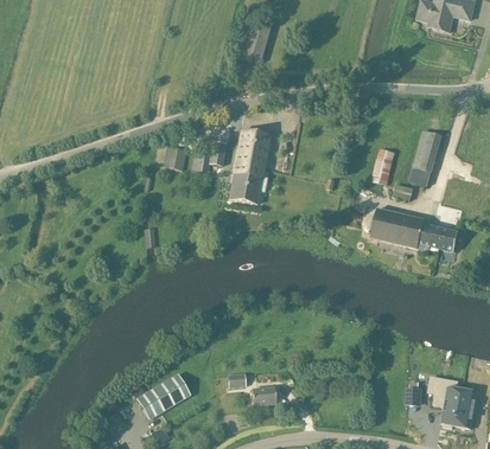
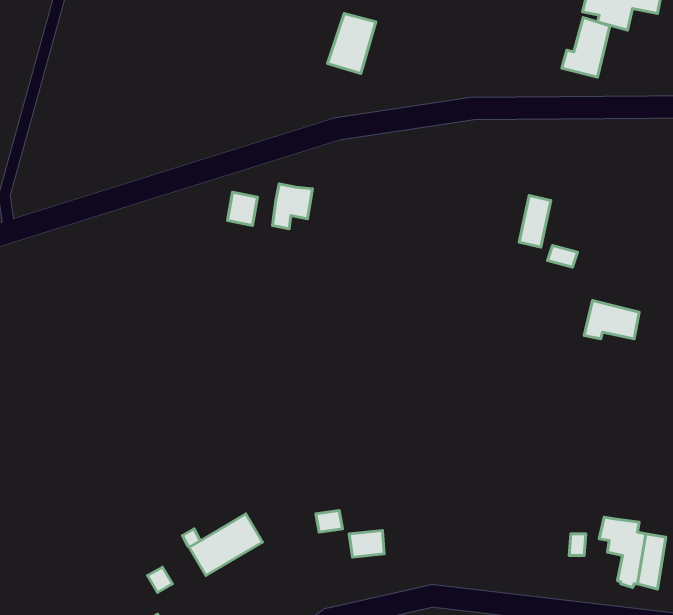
building: none -> [562,18,610,77]
building: [409,130,441,186] -> none
building: [229,132,269,204] -> none
building: [371,209,426,249] -> none

